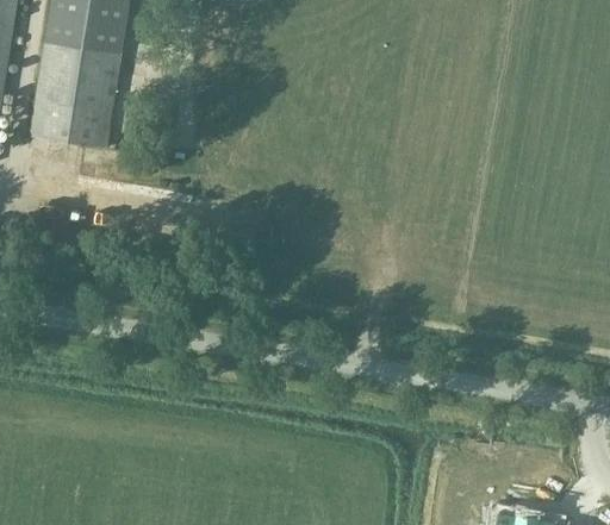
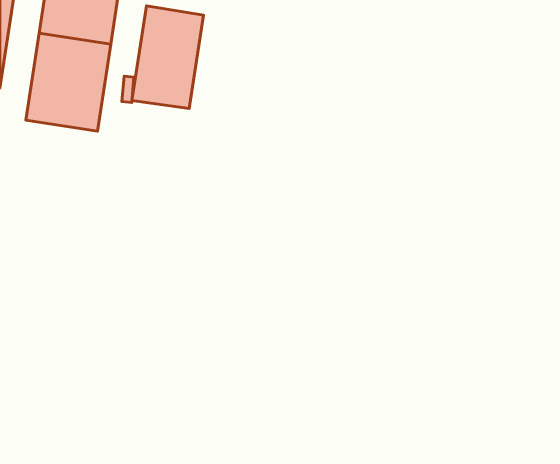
building: none -> [132,6,203,109]

